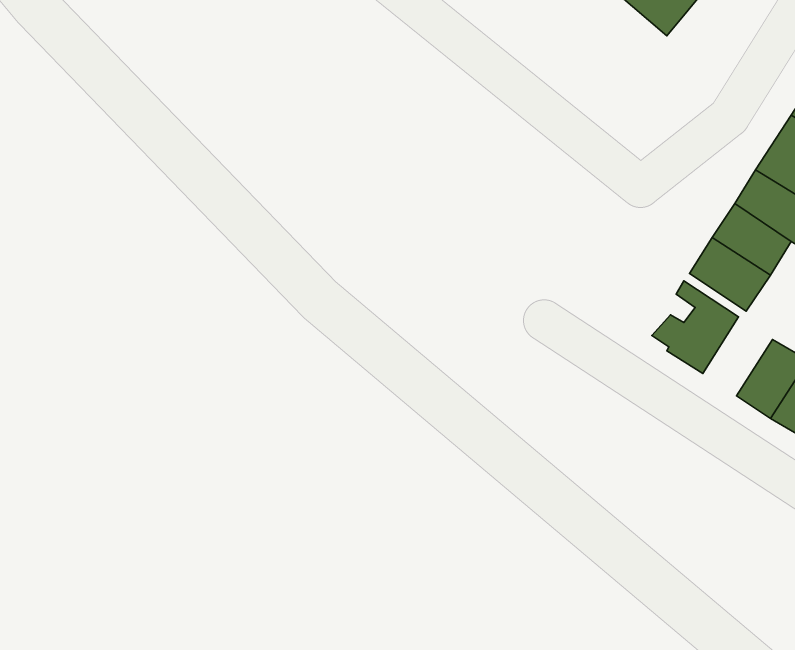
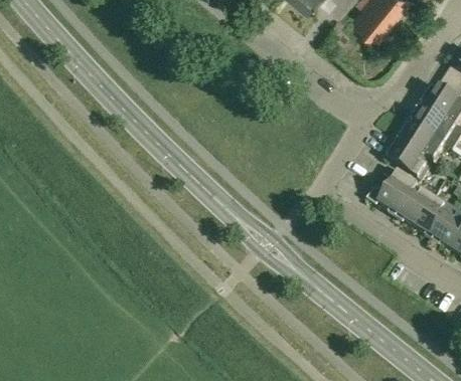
building: none -> [397,191,434,233]

